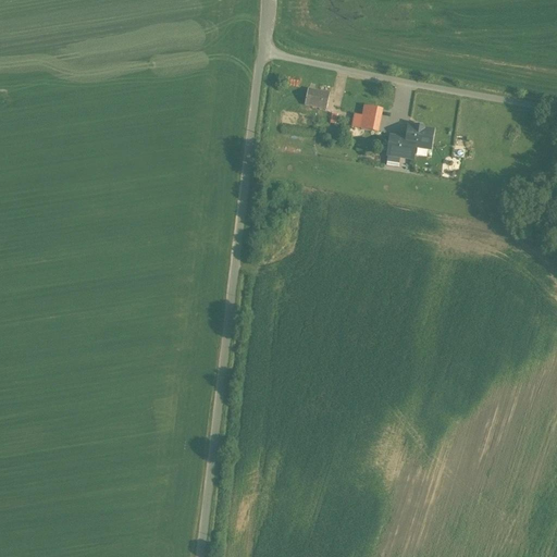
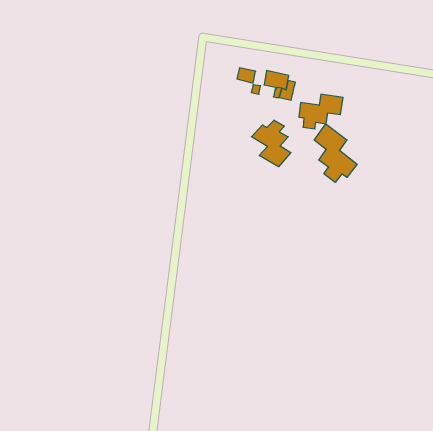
building: none -> [251,120,291,167]
building: none -> [314,124,357,182]

